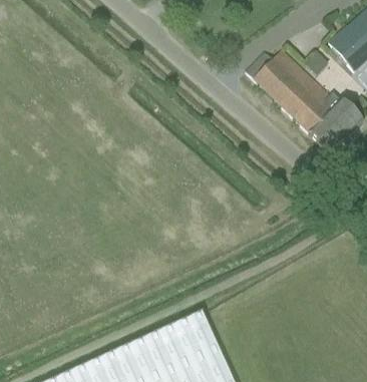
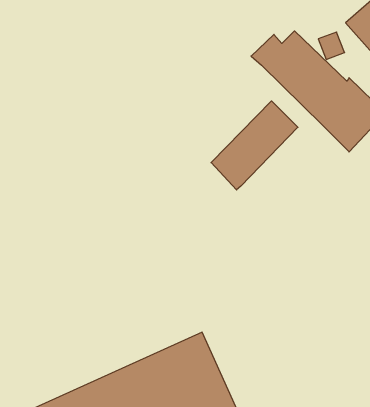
building: none -> [211,101,298,190]

